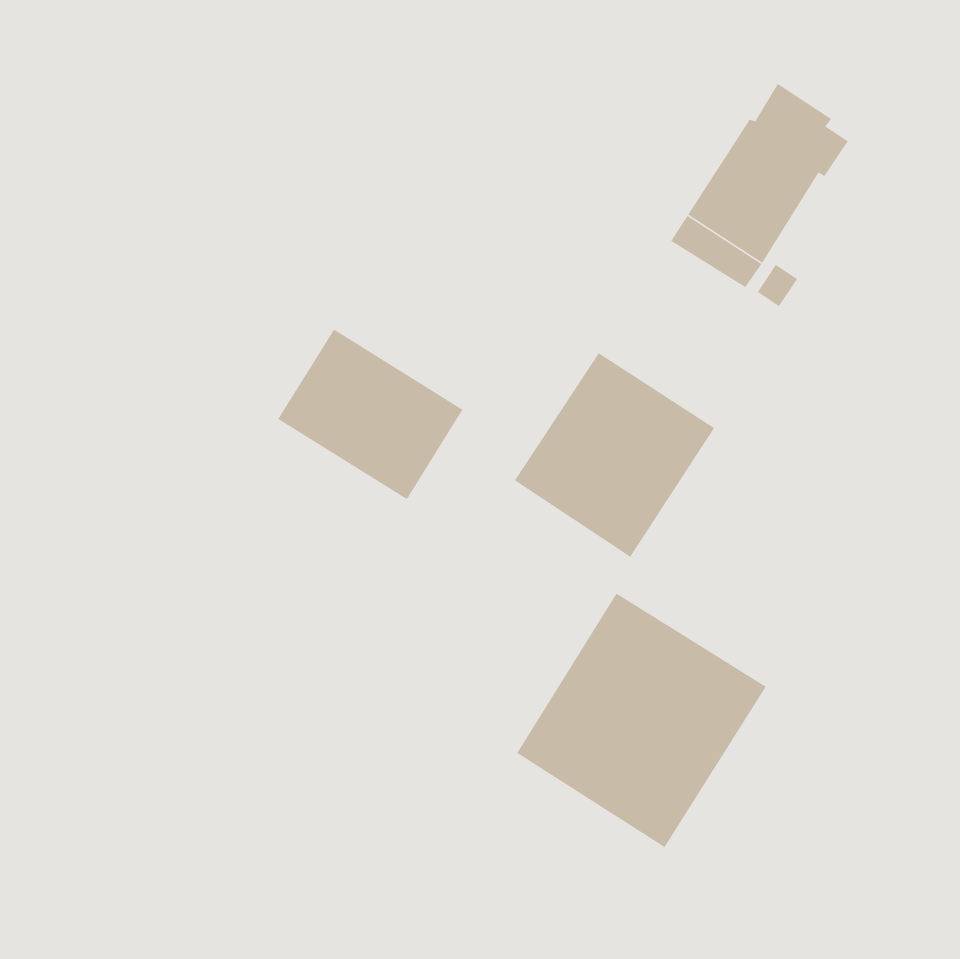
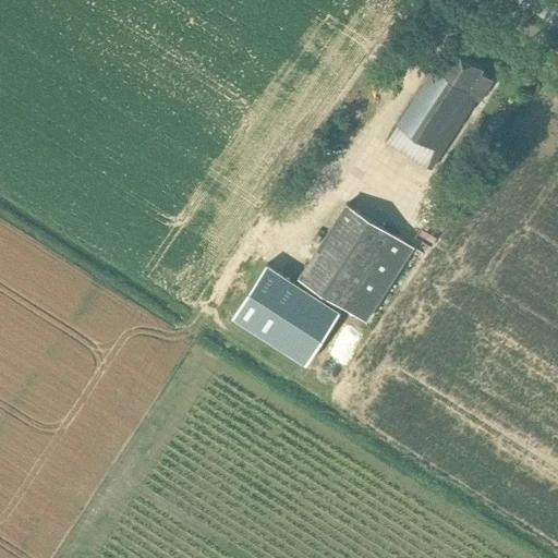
building: [277,329,464,500] -> [231,266,339,365]
building: [516,592,767,848] -> none

